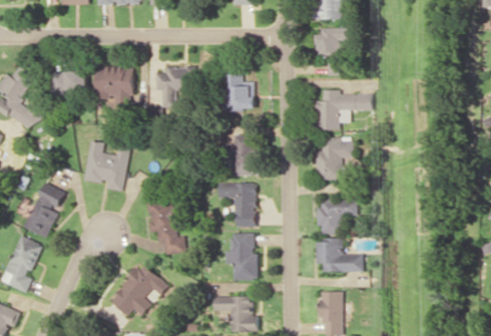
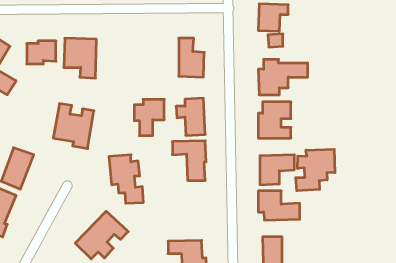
building: [154,67,188,108] -> [134,99,164,136]
building: none -> [296,149,335,191]
building: [225,234,258,281] -> none

